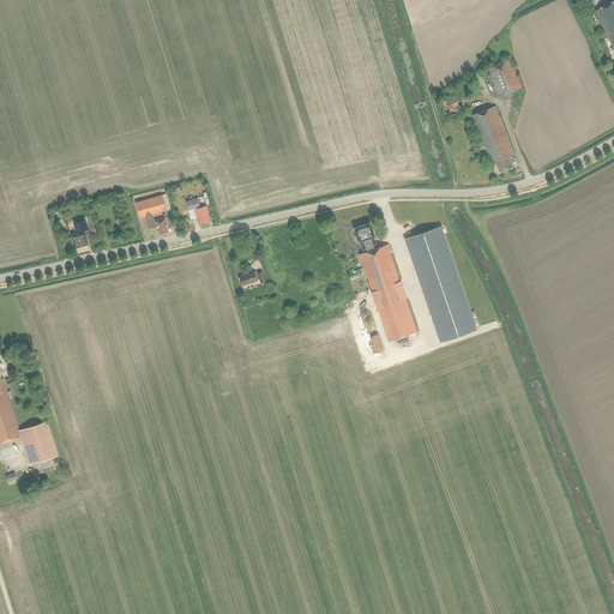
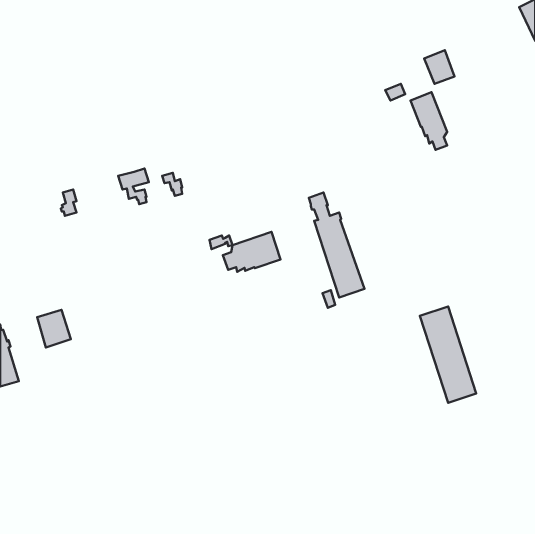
building: [409,228,474,338] -> [420,306,476,403]
building: none -> [223,232,280,272]
building: [20,422,59,465] -> [37,310,71,348]

